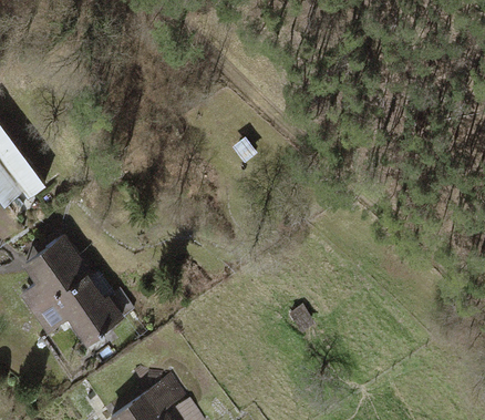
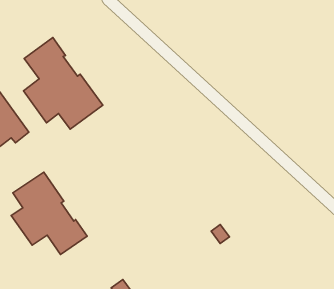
building: none -> [23,38,103,129]

